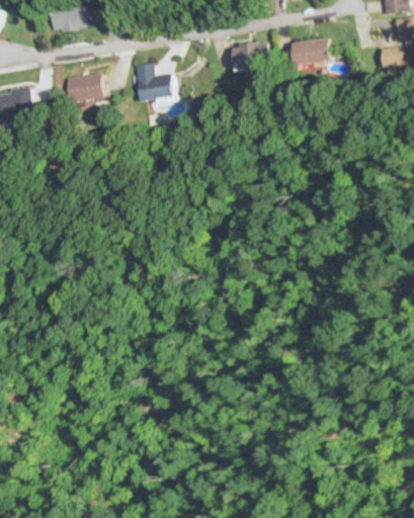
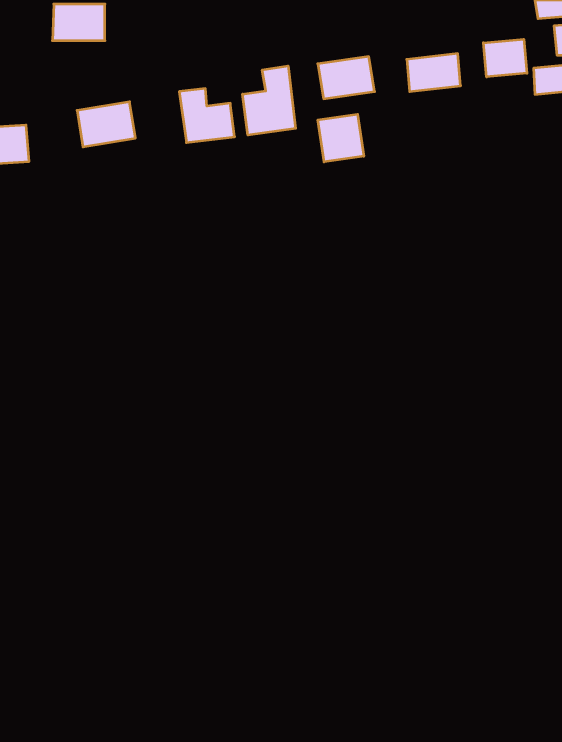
building: none -> [483,39,527,77]
building: none -> [243,66,296,135]
building: none -> [318,114,364,162]

